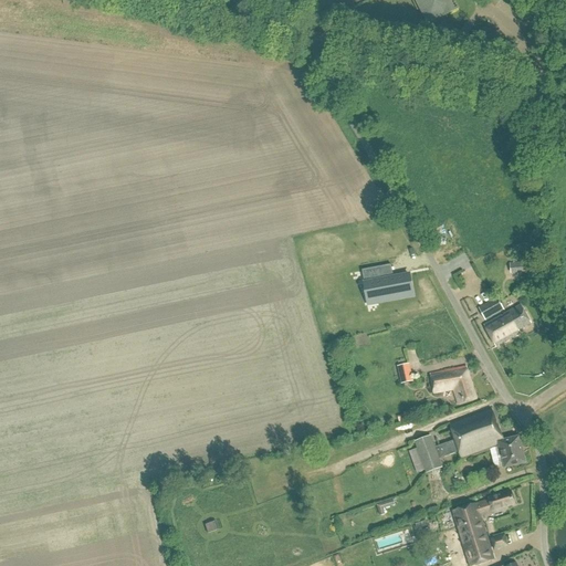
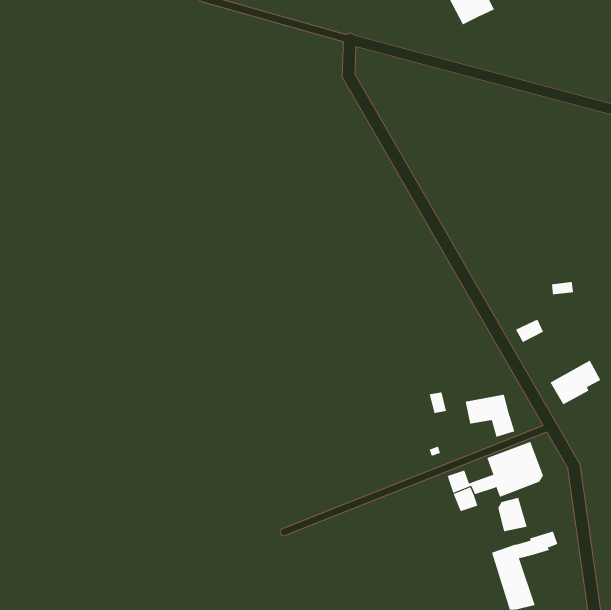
building: [364,269,411,301] -> none
building: [483,303,531,345] -> [550,360,601,405]
building: [499,434,526,467] -> [497,497,527,532]

